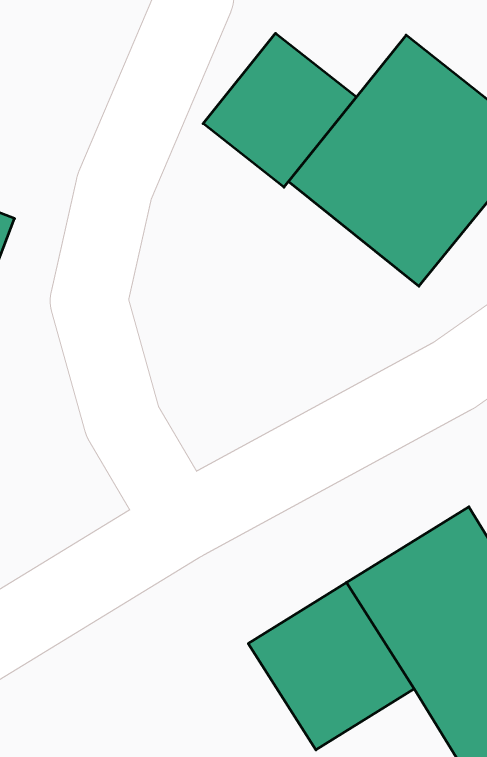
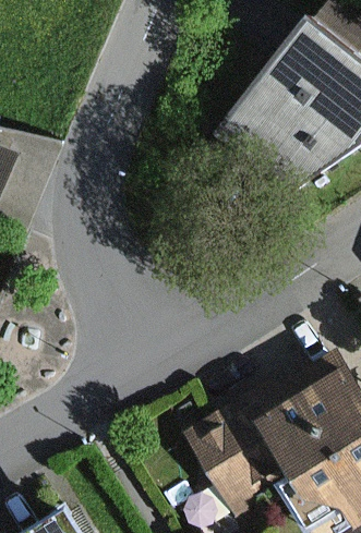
building: [203,33,356,187] -> none

